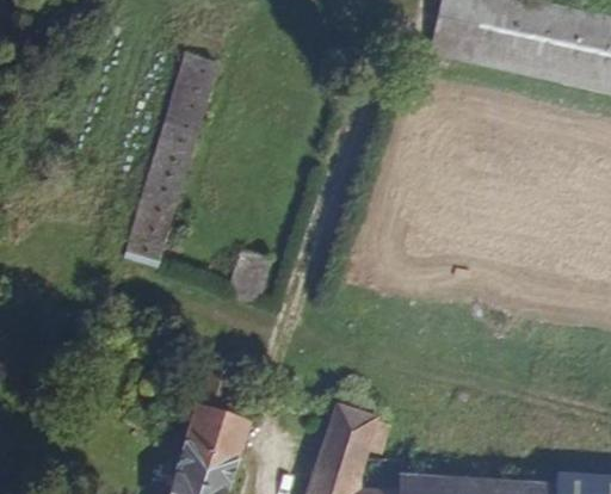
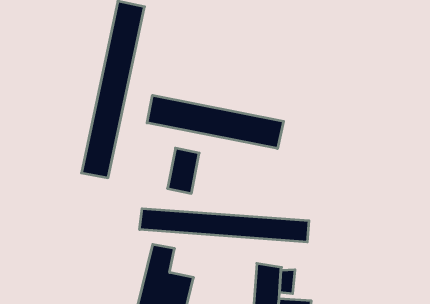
building: none -> [147,95,284,149]
building: none -> [140,209,309,242]

